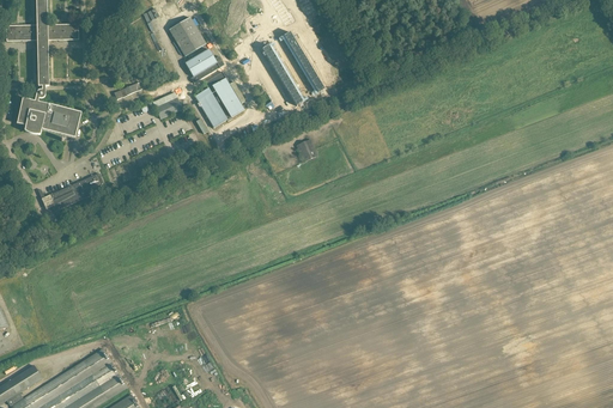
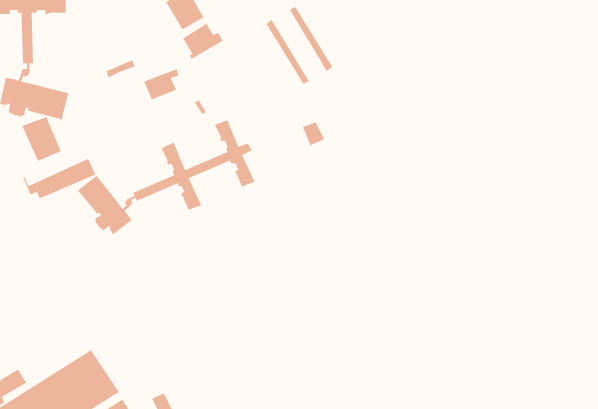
building: [194,72,244,128] -> none
building: none -> [21,116,62,162]
building: none -> [77,119,256,235]

